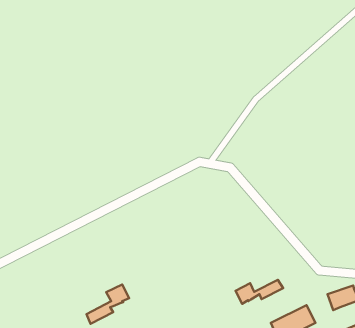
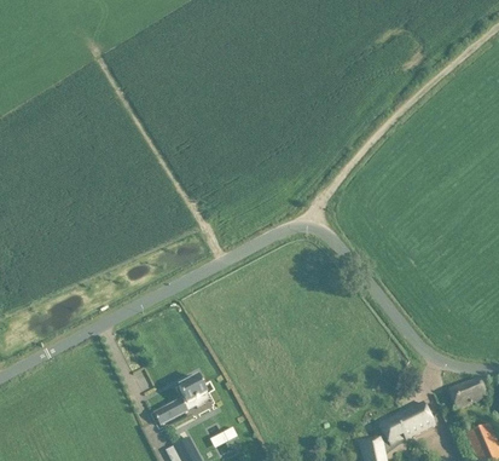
building: [235,280,283,304] -> none

